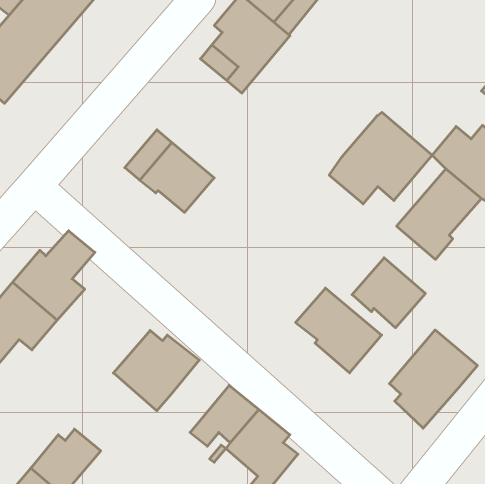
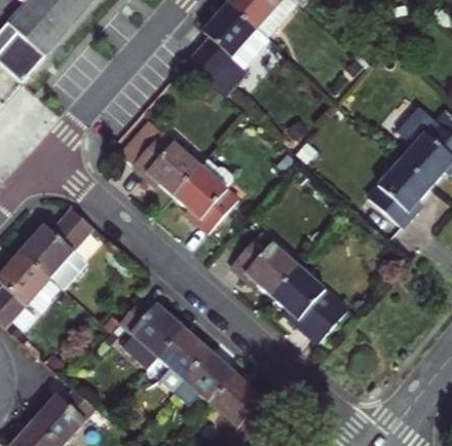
building: [329,112,432,204] -> none
building: none -> [171,161,235,228]
building: [352,258,425,328] -> [231,228,297,291]
building: [389,330,477,428] -> none
building: none -> [159,325,211,389]

